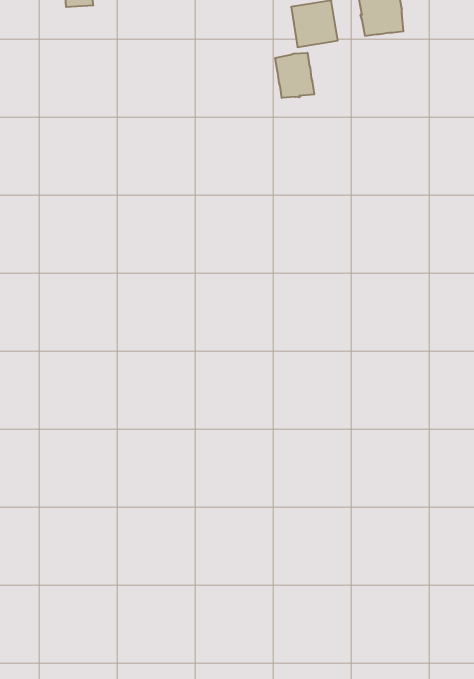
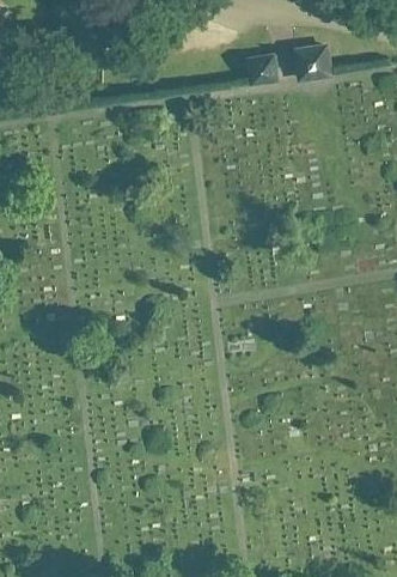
building: [275,53,314,98] -> none

